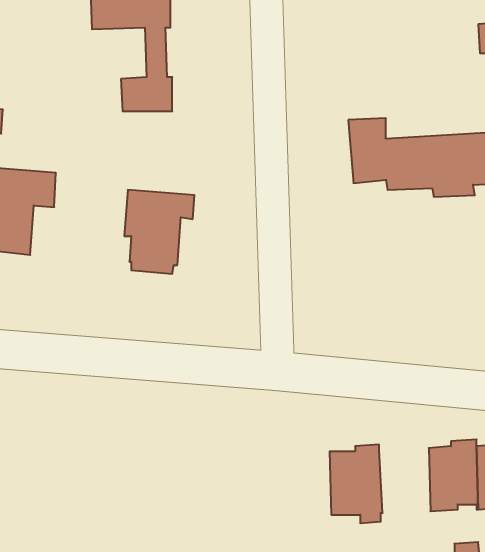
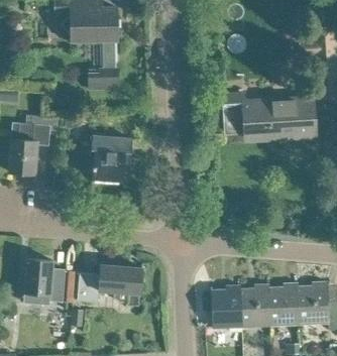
building: none -> [22,258,65,305]
building: none -> [77,264,141,306]
building: none -> [240,284,270,326]

